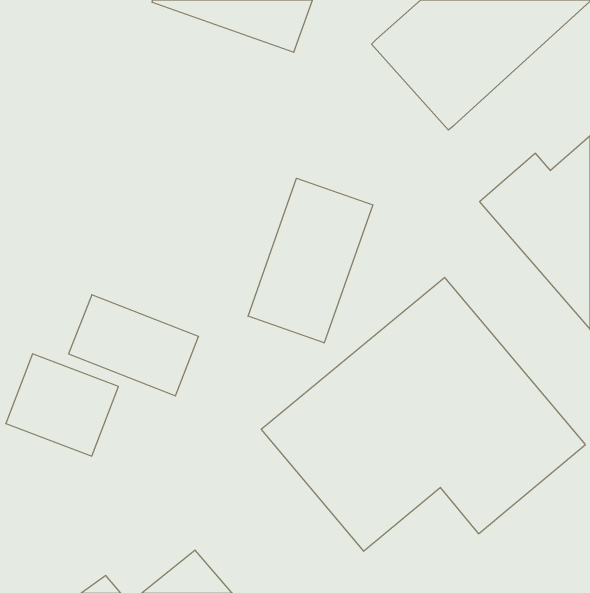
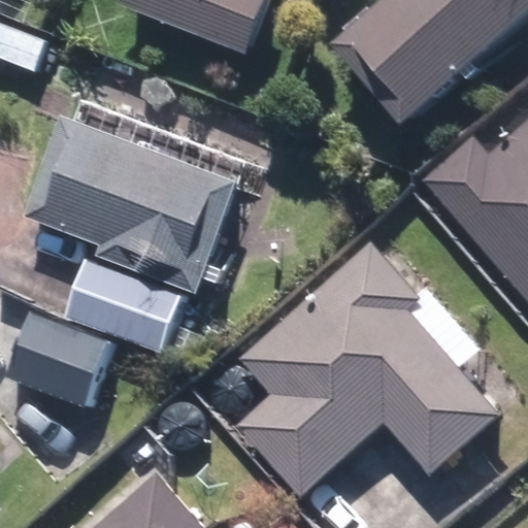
building: none -> [27,121,230,291]
building: [248,178,373,343] -> none

